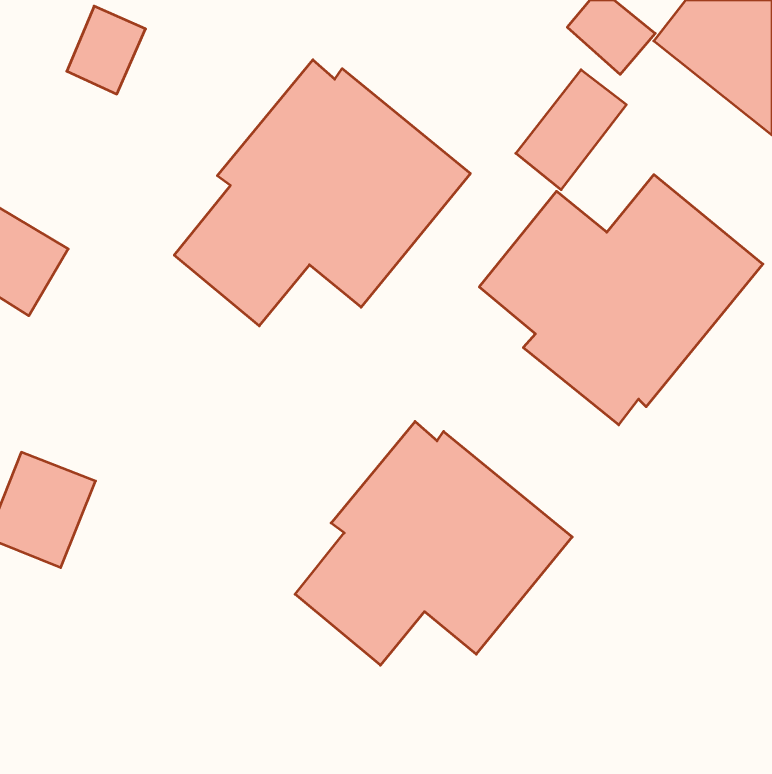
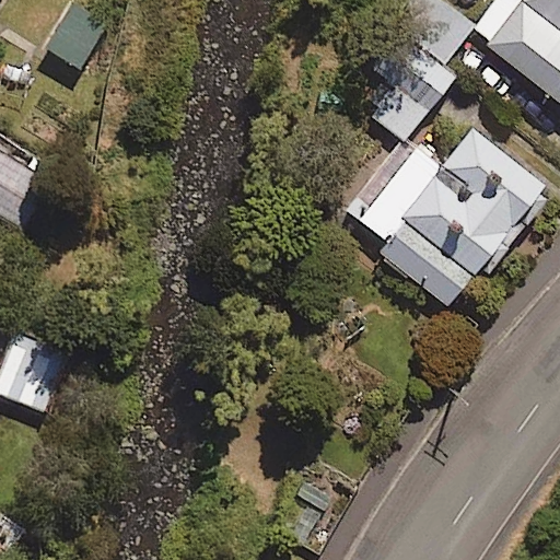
building: [174,60,470,326] -> none
building: [295,421,572,665] -> none

